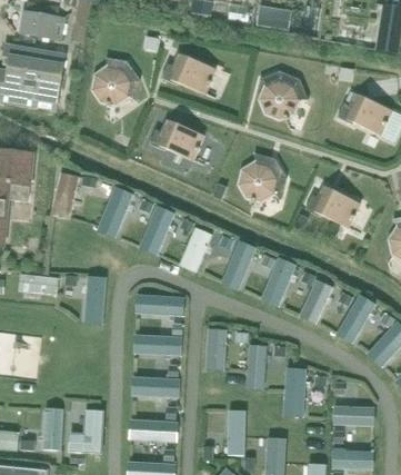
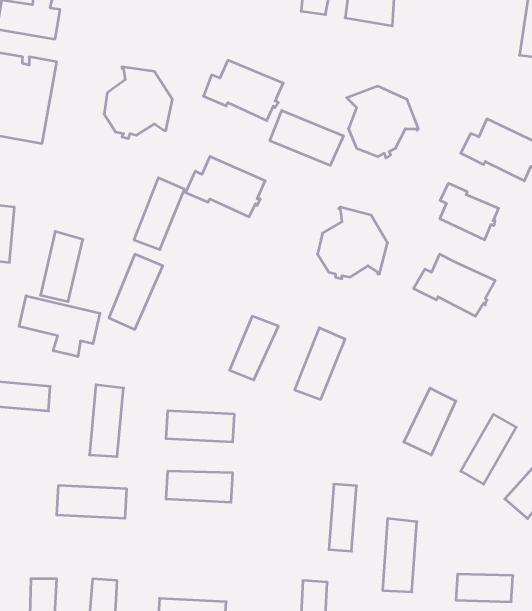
building: none -> [270,110,343,165]
building: none -> [440,183,499,240]
building: [139,205,173,254] -> [134,178,184,250]
building: none -> [19,296,100,357]
building: [261,256,297,305] -> none
building: [205,327,225,368] -> none
building: [132,375,180,397] -> [57,486,127,518]

